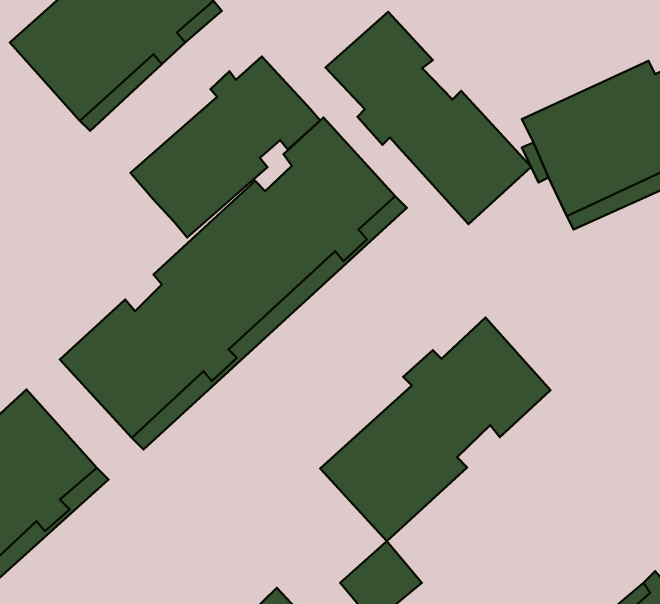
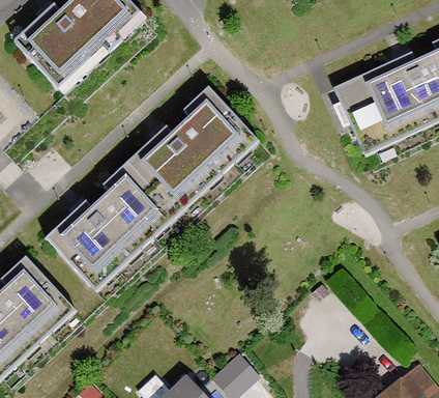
building: [326,12,531,224] -> none
building: [131,56,320,238] -> none
building: [320,317,551,541] -> none

